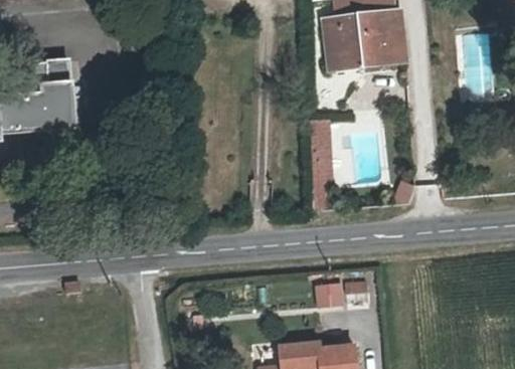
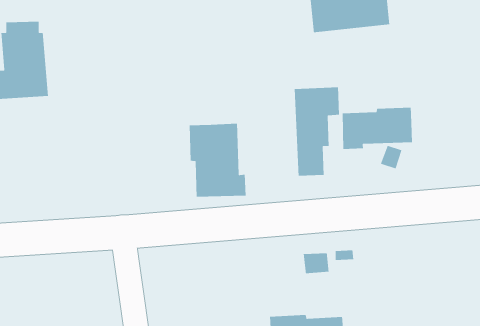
building: none -> [342,107,413,150]
building: none -> [189,123,246,197]

